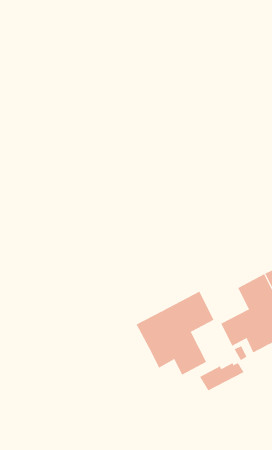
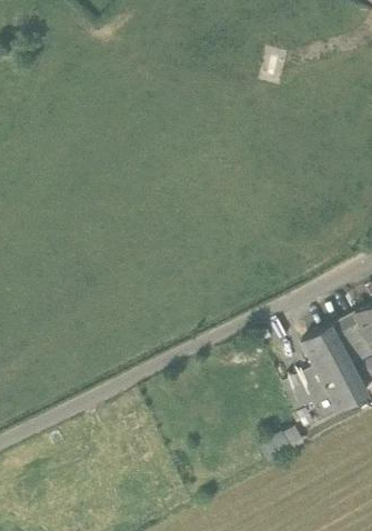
building: [136,291,214,375] -> none

